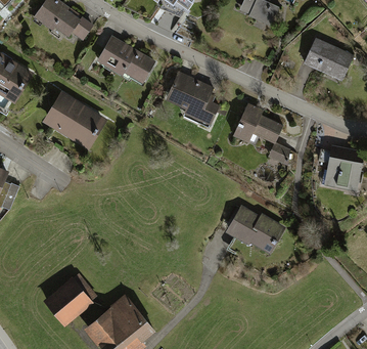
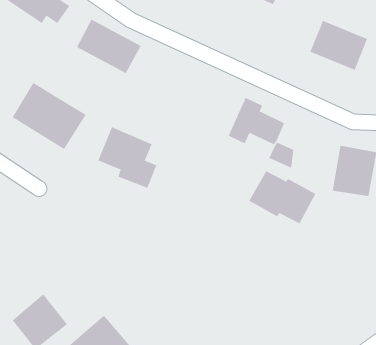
building: [166,71,218,125] -> [98,126,157,188]
building: [225,207,284,254] -> [248,170,316,224]

